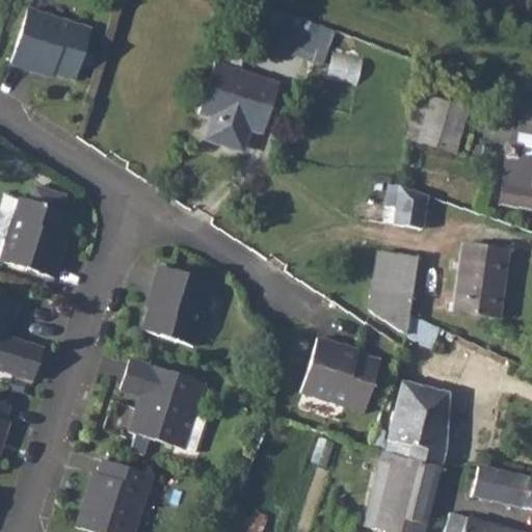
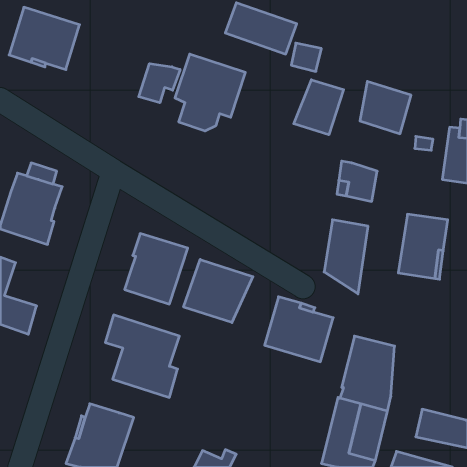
building: none -> [139,64,180,103]
building: none -> [294,80,344,135]
building: none -> [184,259,253,323]

